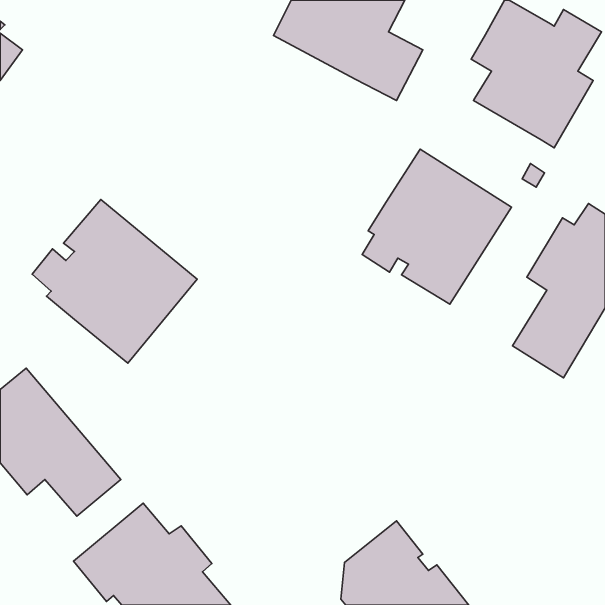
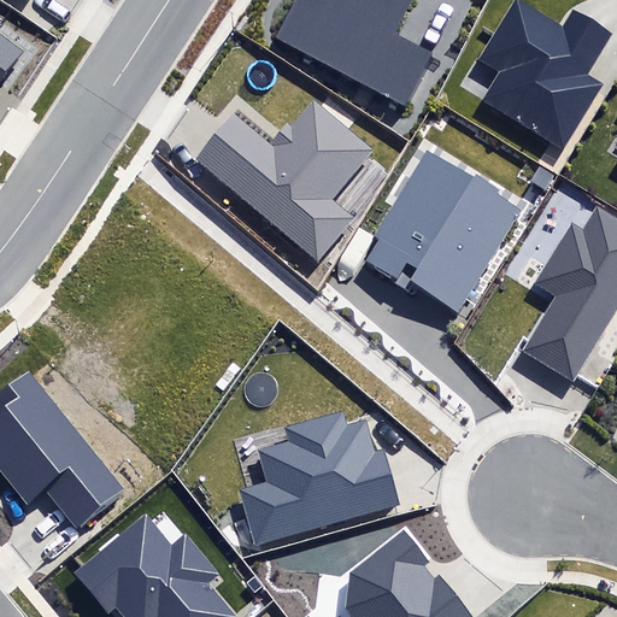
building: none -> [192,102,372,263]
building: [32,200,197,363] -> none
building: none -> [236,415,401,547]

